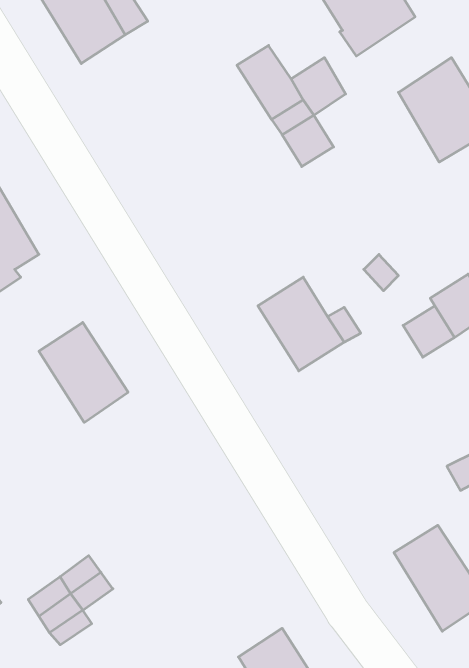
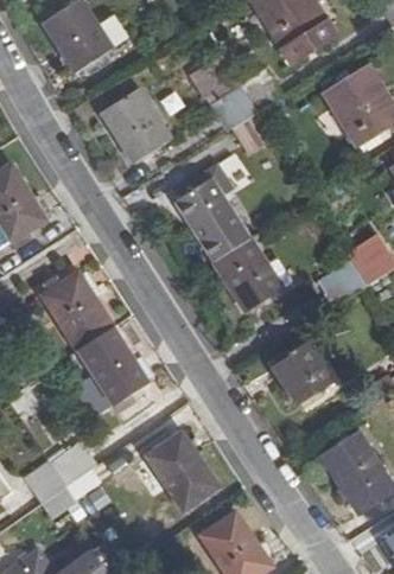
building: none -> [102,89,170,162]
building: none -> [177,177,250,260]
building: none -> [78,327,148,406]
building: none -> [271,342,333,407]
building: none -> [146,430,218,510]

